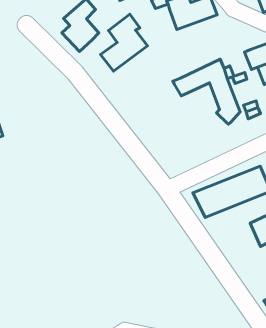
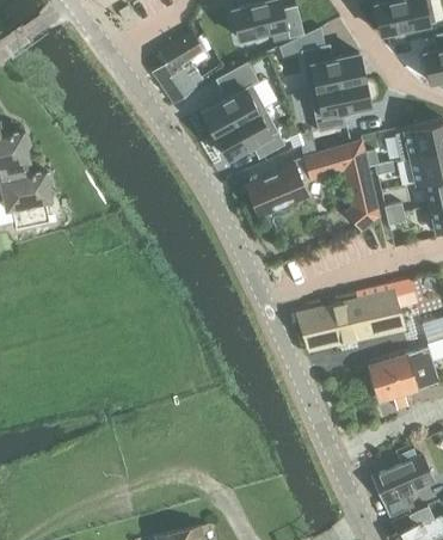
building: none -> [308,79,371,133]
building: none -> [214,108,284,160]
building: none -> [246,165,307,215]

